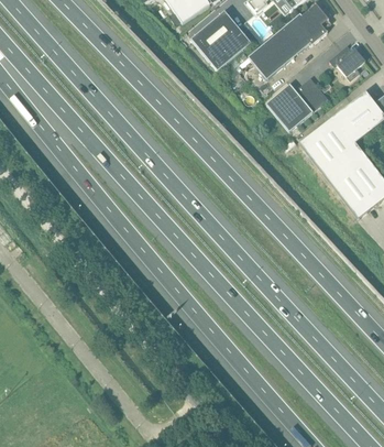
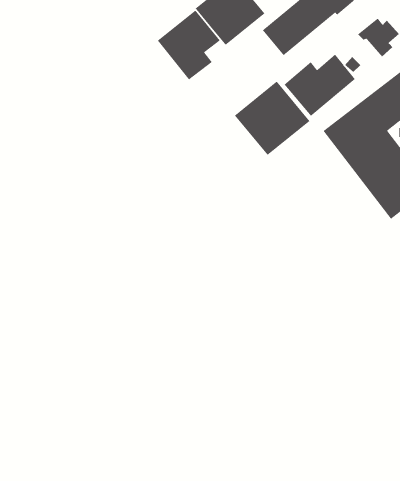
building: none -> [157,9,221,80]
building: none -> [234,81,310,156]

